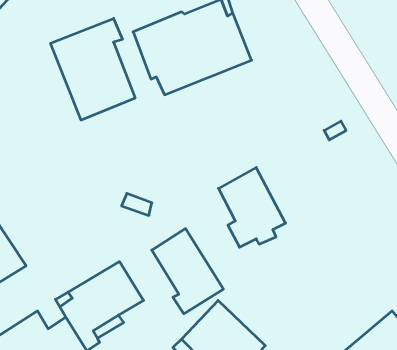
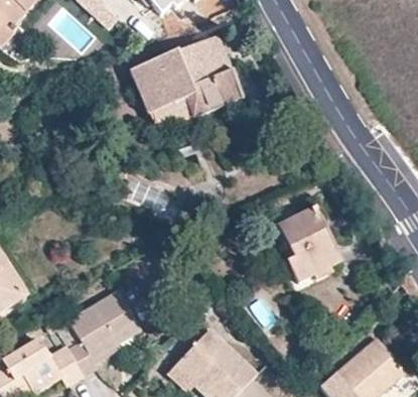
building: [51,18,135,120] -> none
building: [218,167,286,247] -> [278,206,342,282]
building: [152,229,223,314] -> none

